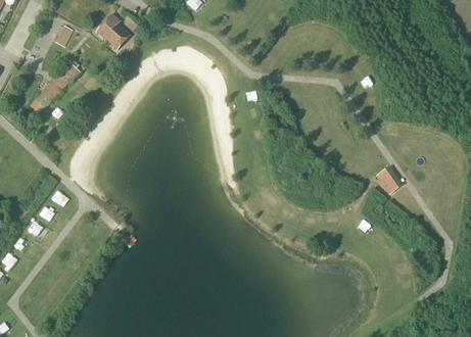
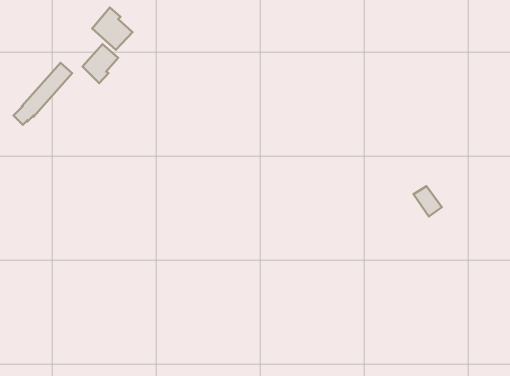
building: none -> [82,44,118,83]

